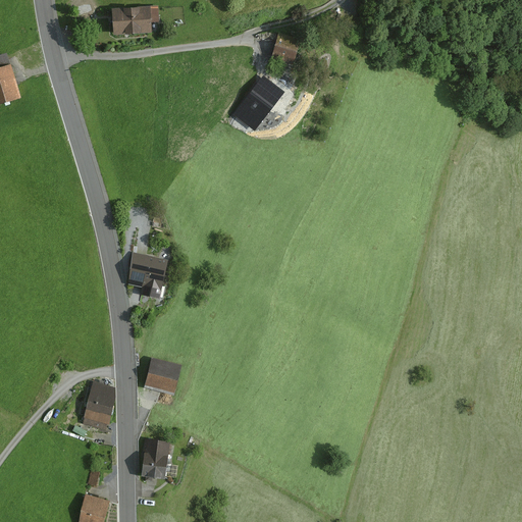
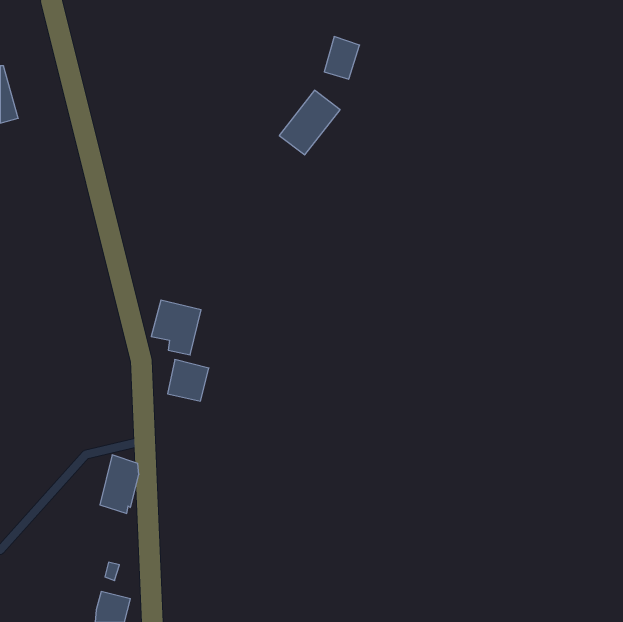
building: [112,5,159,34] -> none
building: [146,358,180,393] -> [168,360,209,401]
building: [142,438,169,480] -> none

